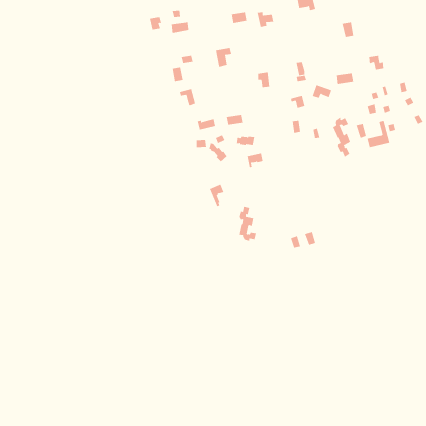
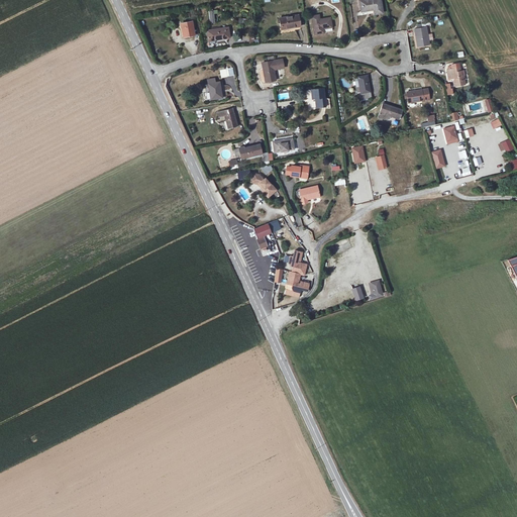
building: [332,117,351,158] -> none

